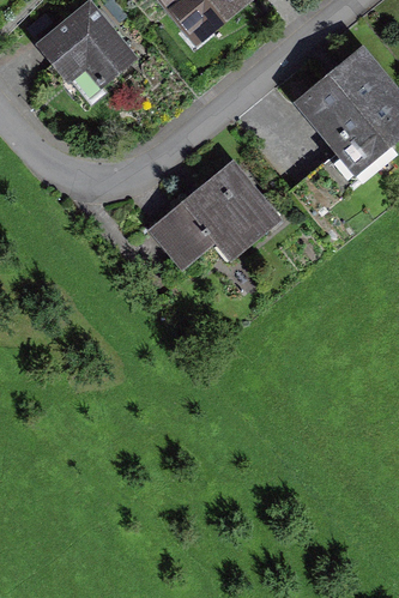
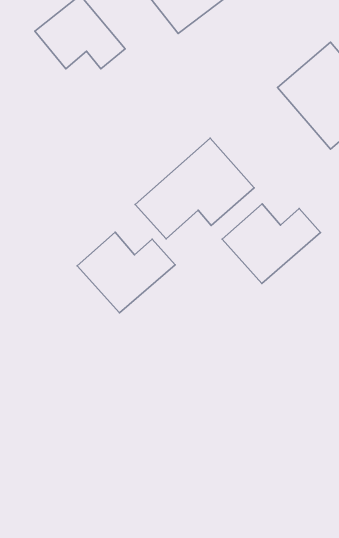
building: none -> [222,204,321,283]
building: none -> [77,232,175,313]

